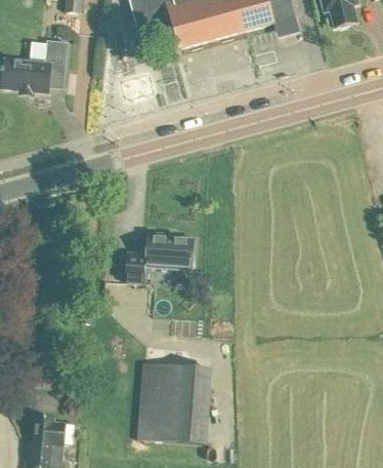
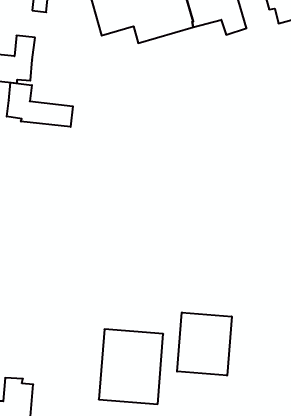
building: none -> [7,83,73,127]
building: [126,232,194,284] -> none
building: none -> [177,312,232,376]

